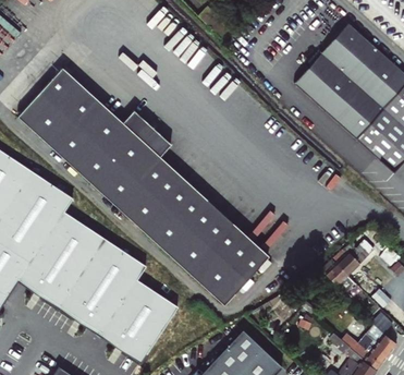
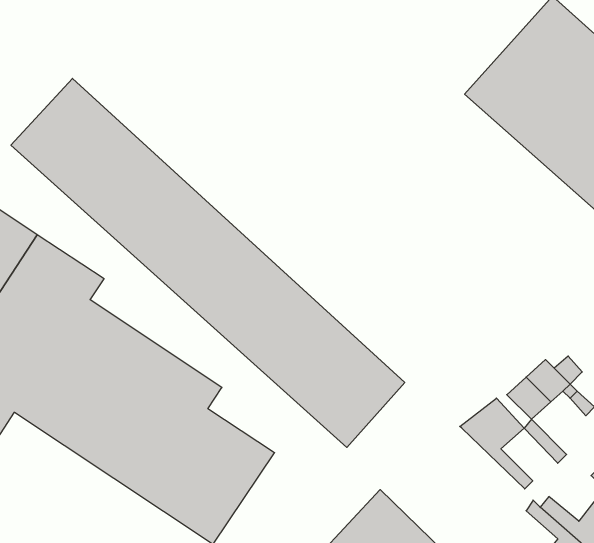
building: [51,65,266,262] -> none
building: none -> [460,398,533,489]

